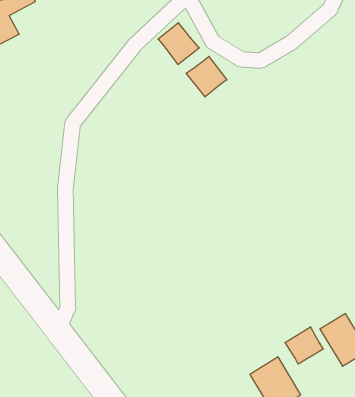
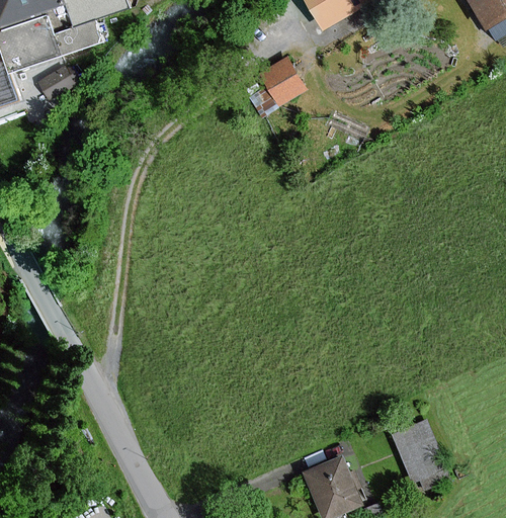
building: [186,56,227,97] -> none
building: [285,327,323,364] -> none

